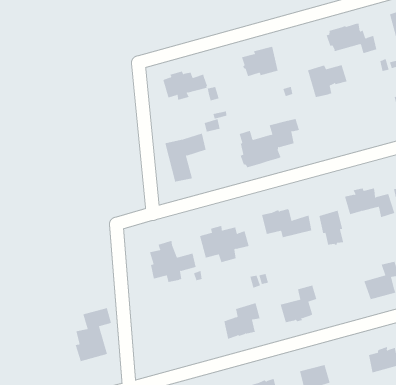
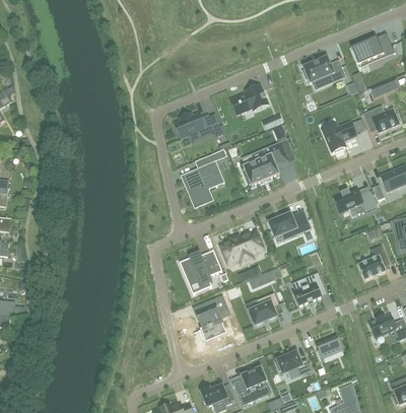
building: [307,64,347,98] -> [322,122,355,151]
building: [319,210,344,246] -> none
building: [75,307,112,362] -> [198,296,226,343]

